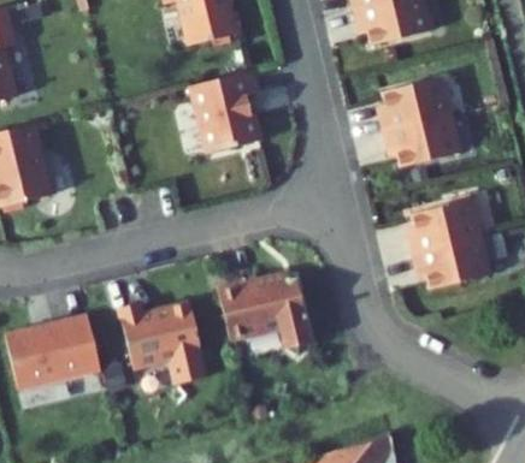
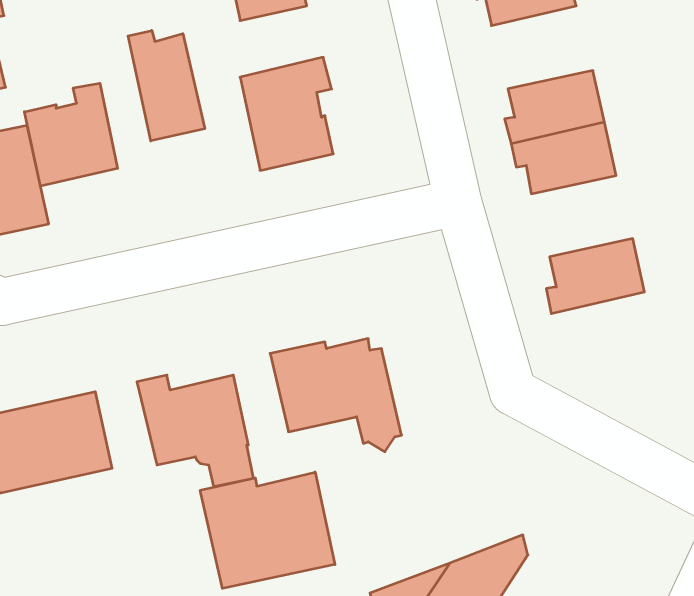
building: none -> [128,30,205,141]
building: none -> [24,83,118,186]
building: [415,243,491,295] -> none
building: none -> [200,472,335,588]

